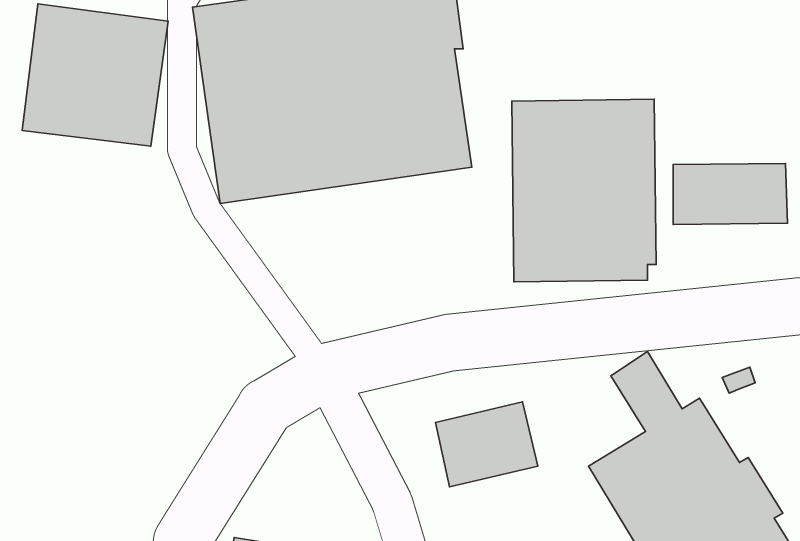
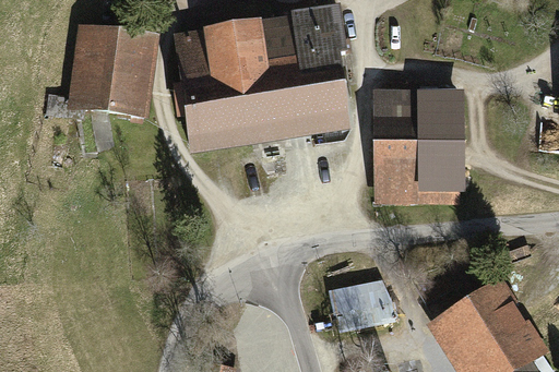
building: [673,164,788,224] -> none

